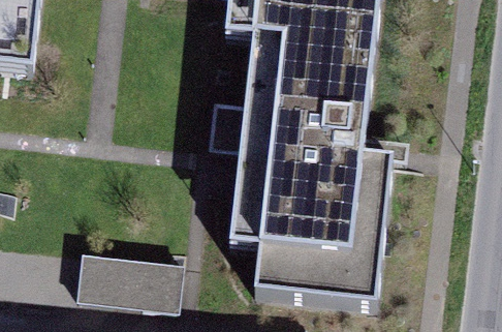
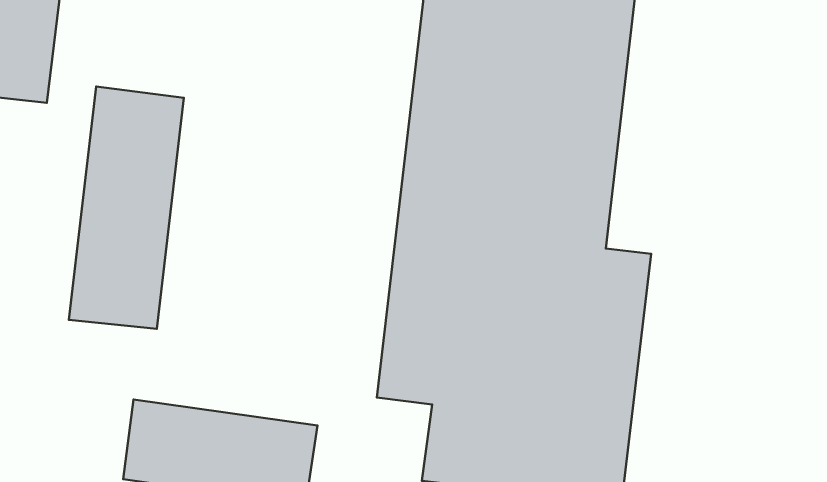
building: none -> [69,87,184,329]

